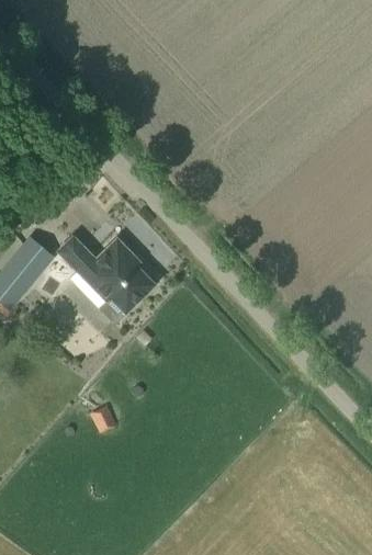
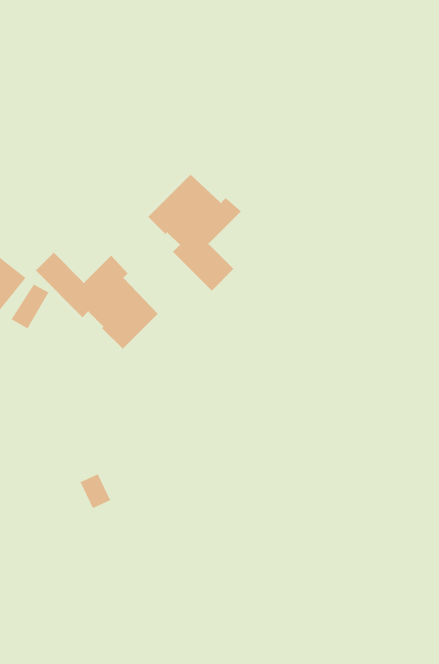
building: none -> [148,174,242,291]

